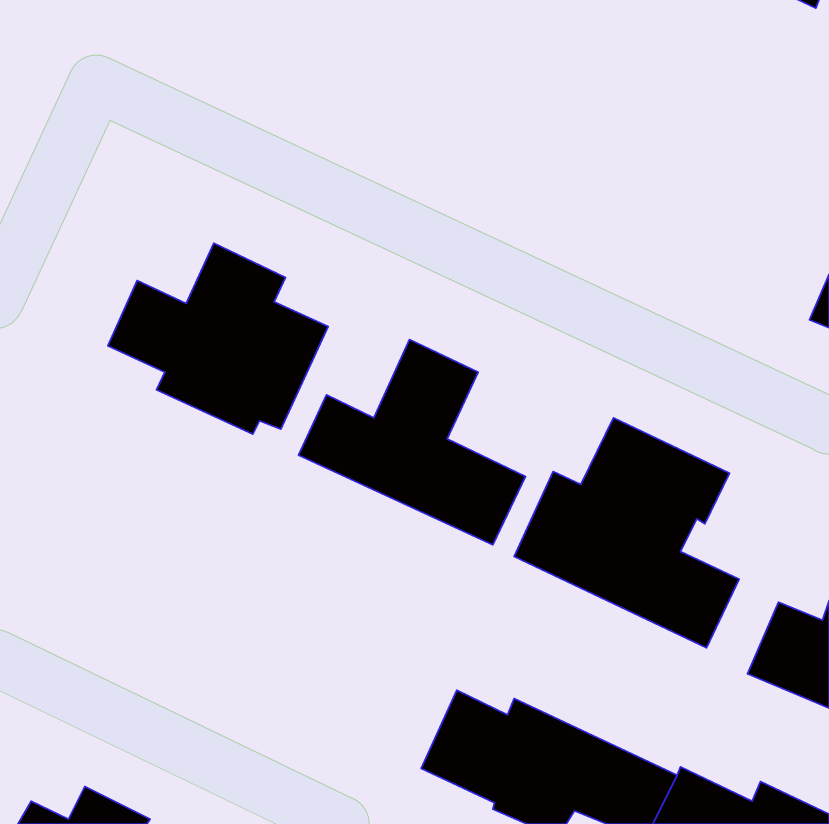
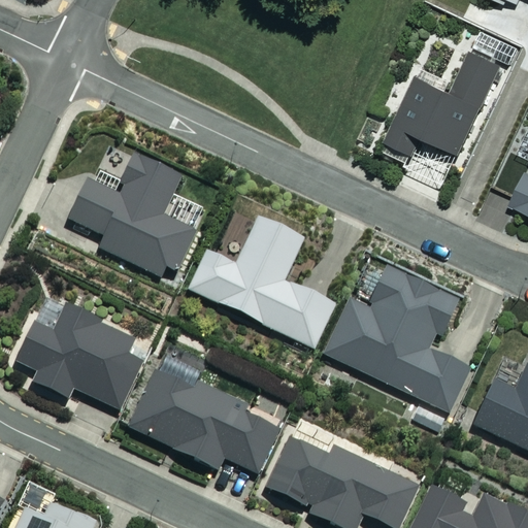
building: none -> [383,24,514,156]
building: none -> [18,305,141,409]
building: none -> [131,358,282,472]

